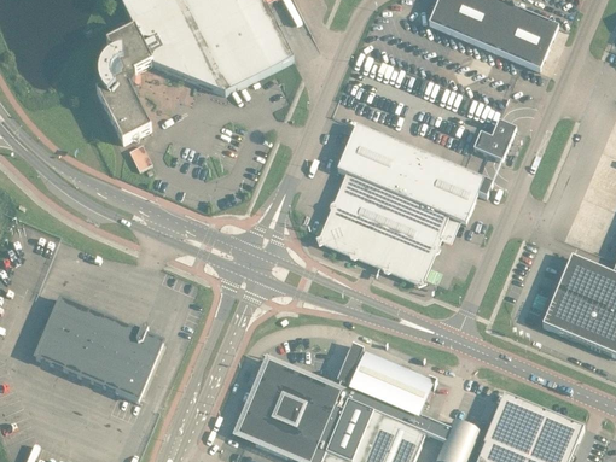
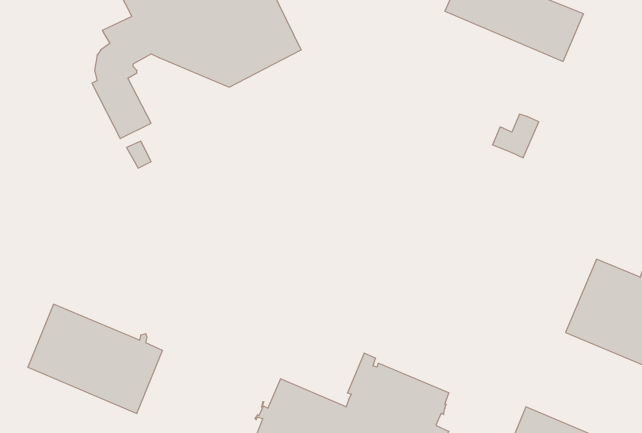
building: [320,125,490,281] -> none

